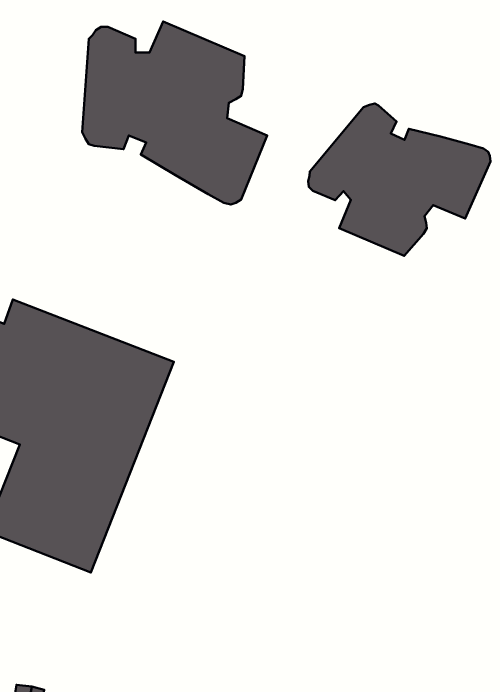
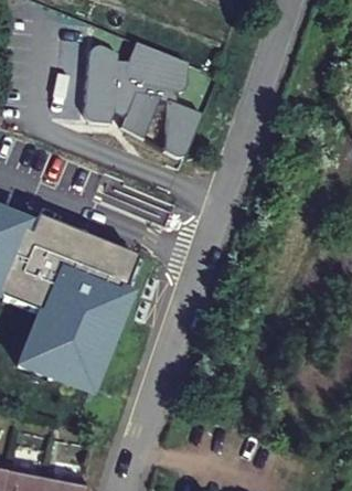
building: [308,104,491,256] -> none

